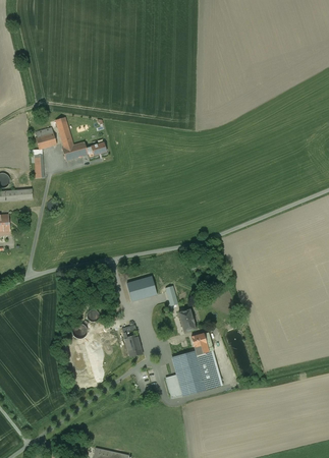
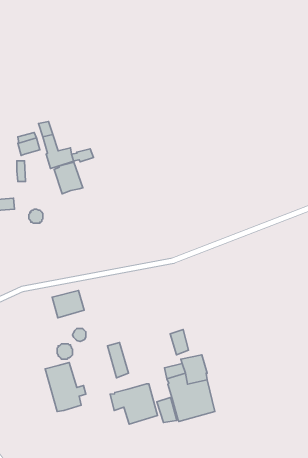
building: none -> [54,162,83,194]
building: [127,276,157,301] -> [52,291,84,318]
building: none -> [110,384,158,424]

